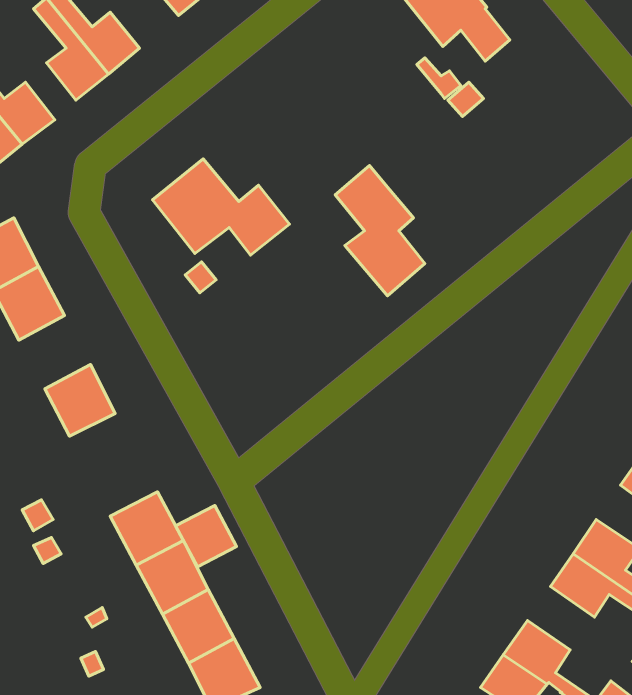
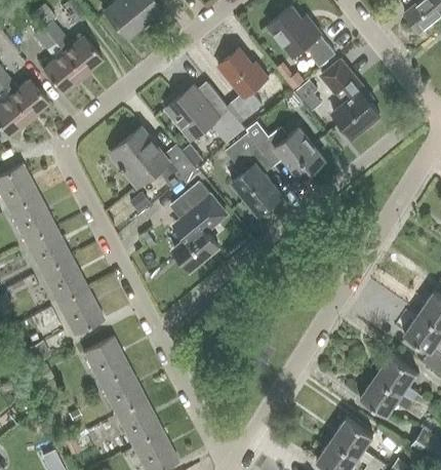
building: none -> [218,50,269,119]
building: none -> [323,62,379,138]
building: none -> [165,86,244,144]
building: none -> [256,128,323,178]
building: none -> [170,182,225,270]
building: none -> [26,227,71,273]
building: none -> [57,288,103,334]
building: [176,506,237,567] -> none

